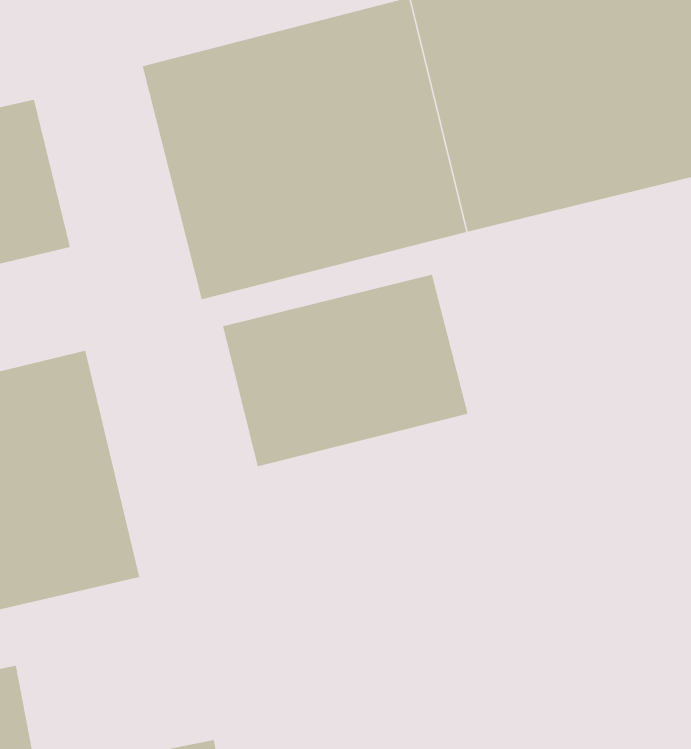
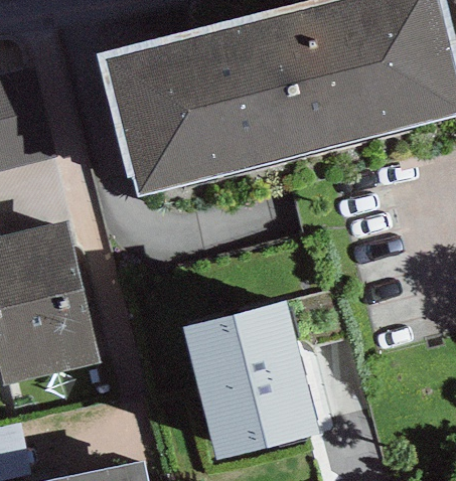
building: [222,274,469,467] -> none
building: none -> [181,300,319,460]

